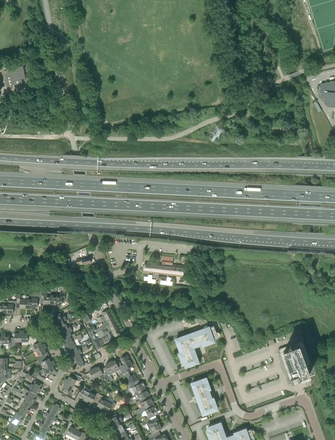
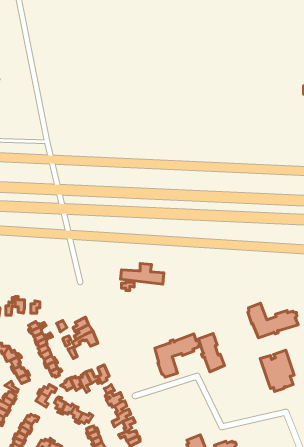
building: none -> [248,303,298,338]
building: [192,378,217,415] -> [199,334,224,372]

